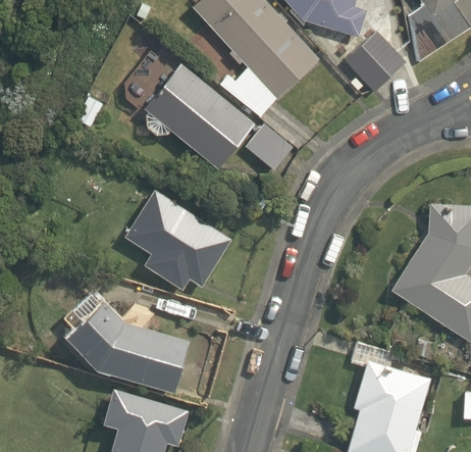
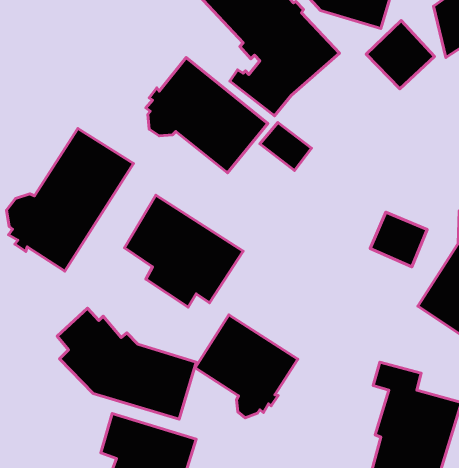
building: none -> [7,128,134,271]
building: none -> [370,212,427,267]
building: none -> [195,315,298,418]

